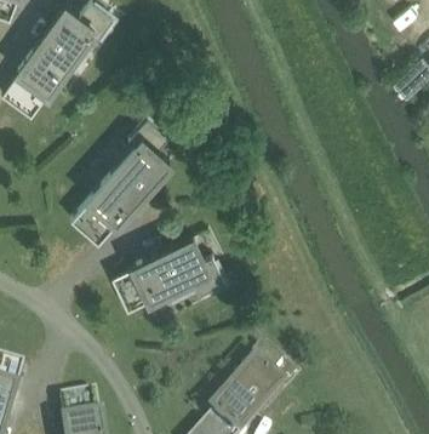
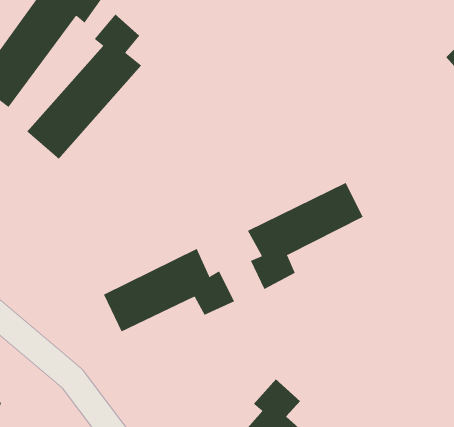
building: [70,115,170,241] -> [27,14,142,159]
building: none -> [247,182,364,290]

